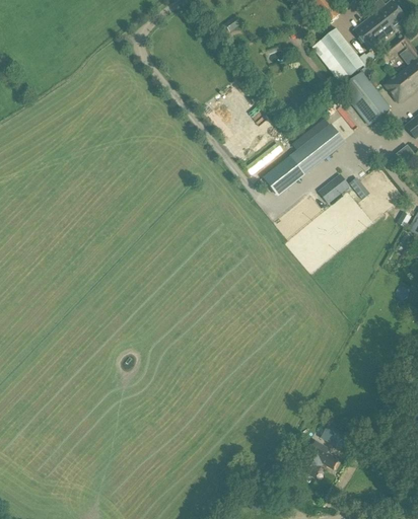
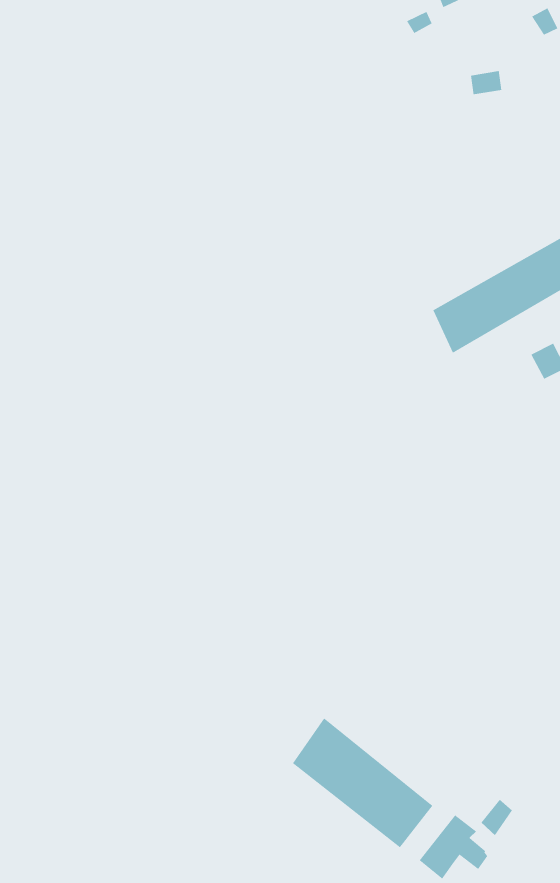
building: none -> [292,717,433,848]

